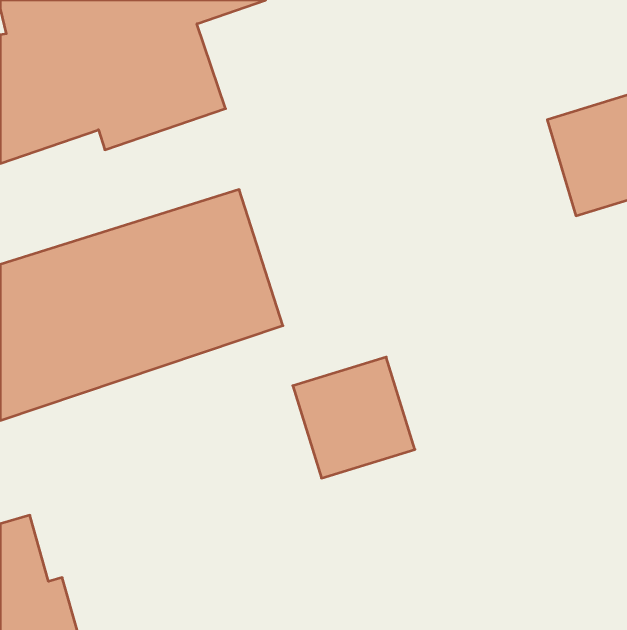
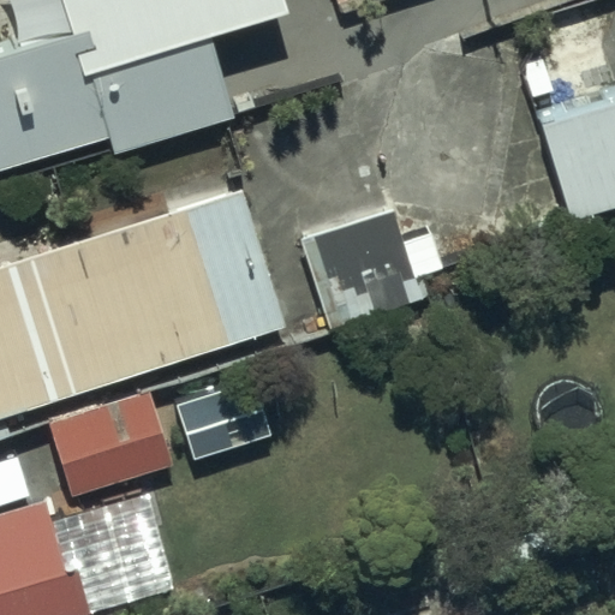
building: [293,357,415,478] -> [300,214,418,330]
building: none -> [50,394,174,496]

